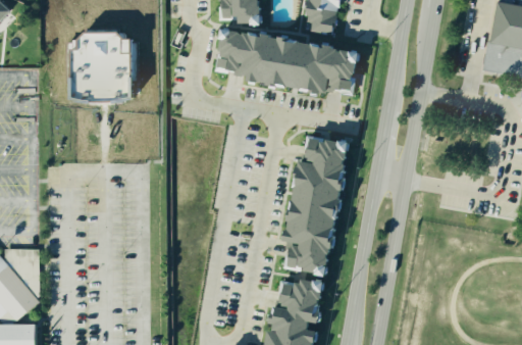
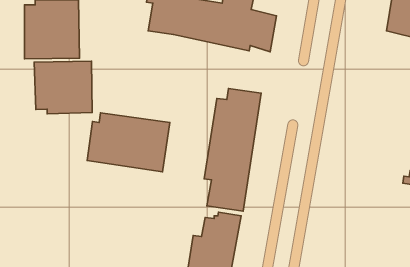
building: none -> [34,61,92,114]
building: none -> [87,113,170,172]

